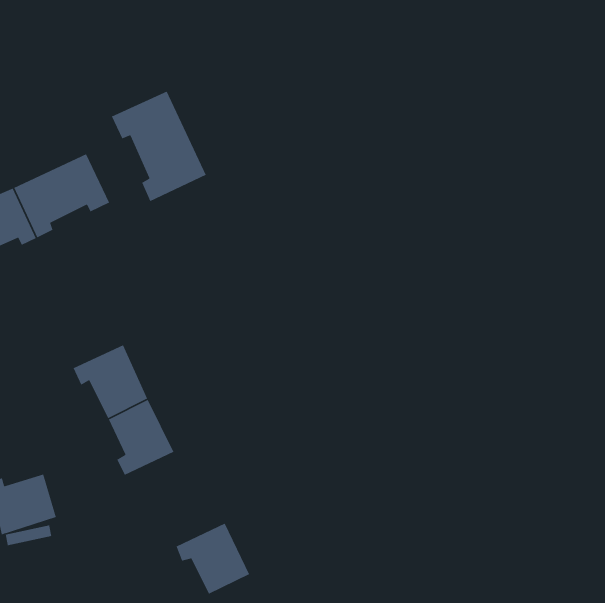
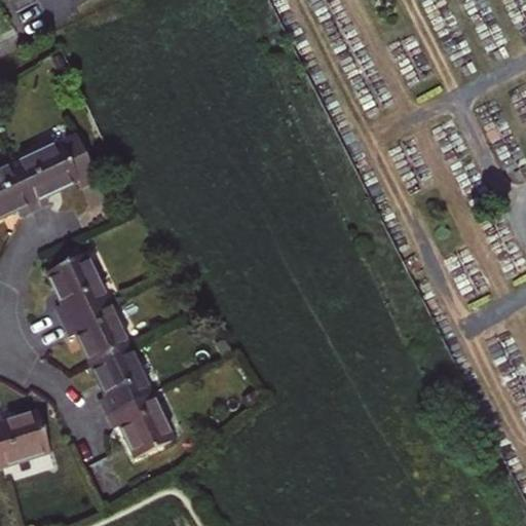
building: [111,90,207,202] -> none
building: none -> [47,251,107,318]
building: [175,522,250,595] -> [108,391,173,454]

